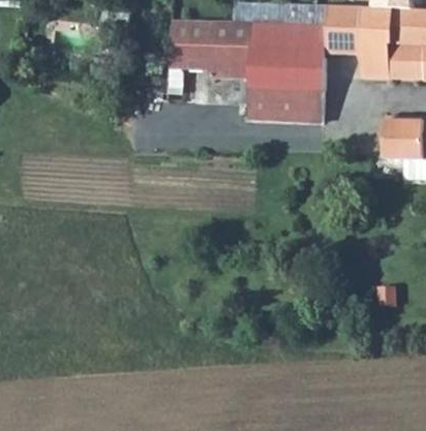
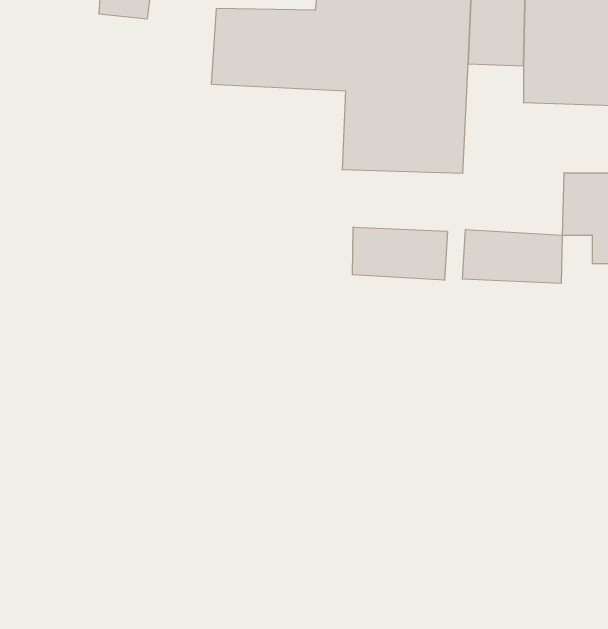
building: none -> [352,227,447,280]
building: none -> [463,229,562,283]

